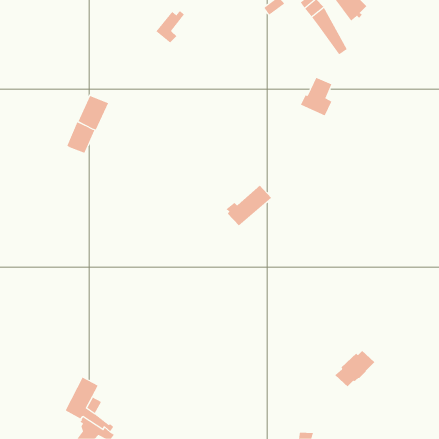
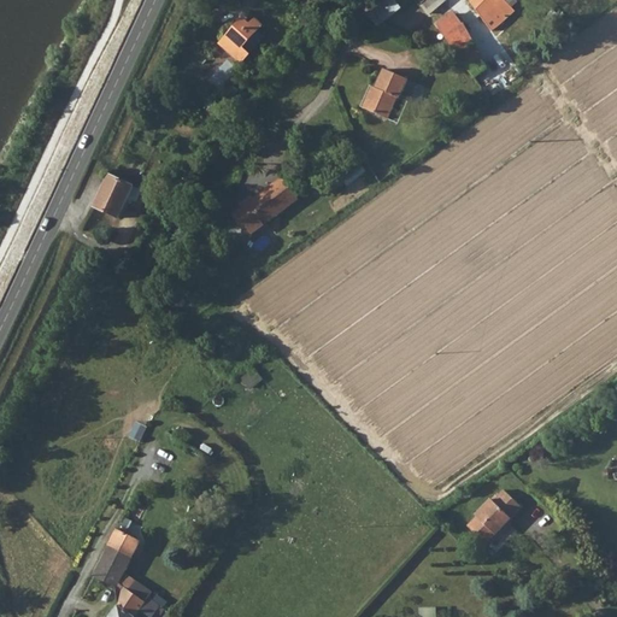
building: [300,77,332,116] -> [362,65,406,119]
building: [78,95,109,130] -> none
building: [226,185,272,226] -> [241,174,305,231]

